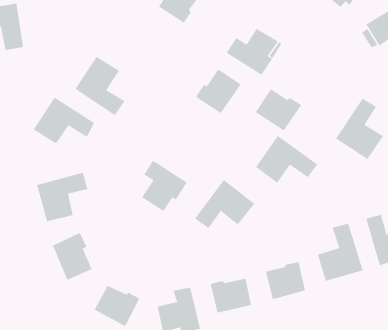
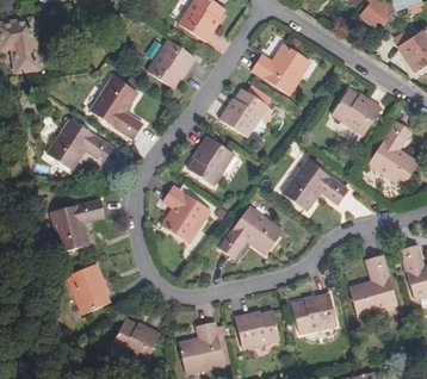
building: none -> [149,39,198,88]
building: [255,88,302,131] -> [332,88,382,133]
building: none -> [188,137,235,187]

